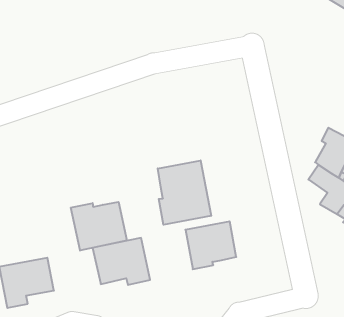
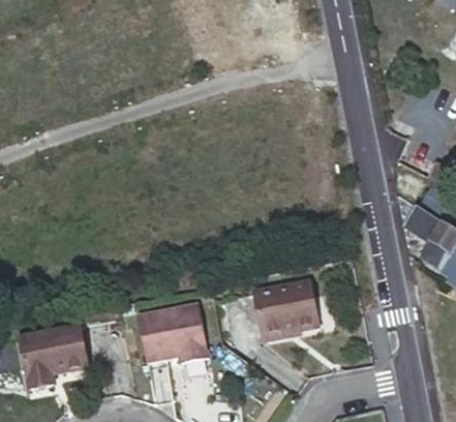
building: [158,160,211,225] -> none
building: [71,202,127,251] -> none

